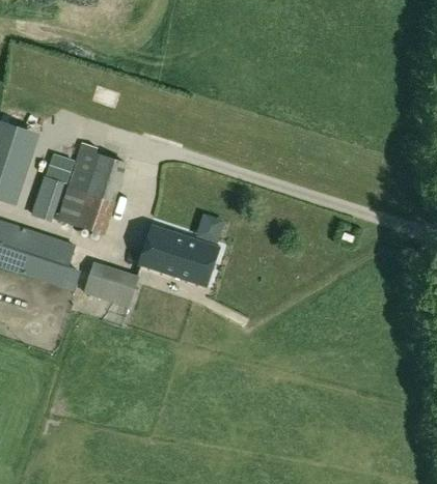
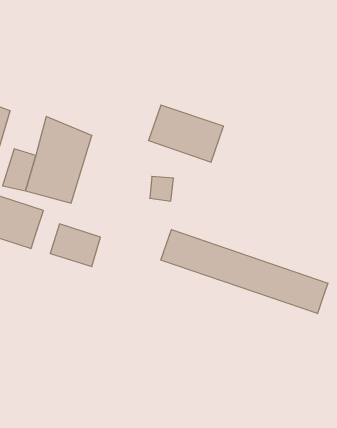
building: [44,152,74,184] -> none
building: [138,223,220,285] -> [148,105,223,162]
building: none -> [161,230,328,314]

